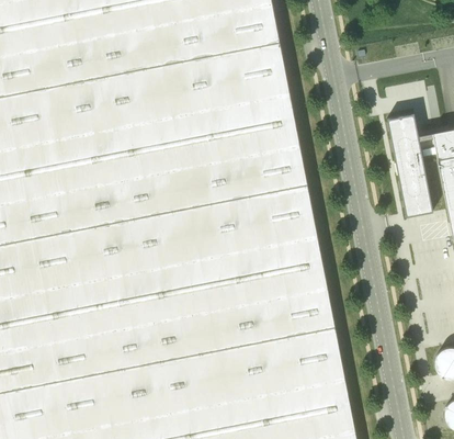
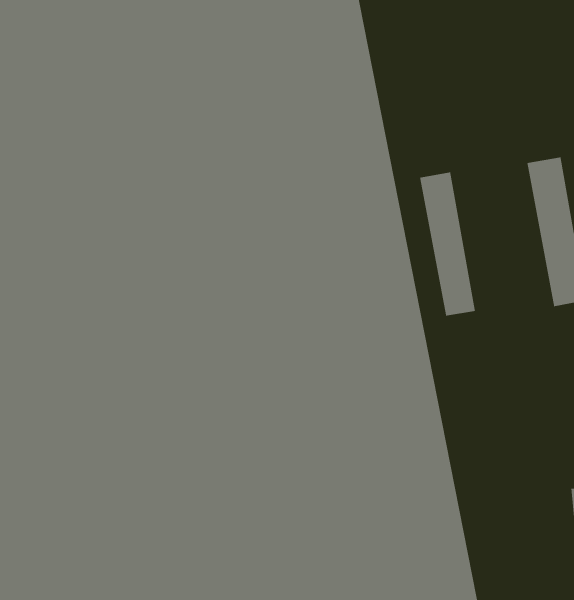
building: none -> [419,171,476,317]

